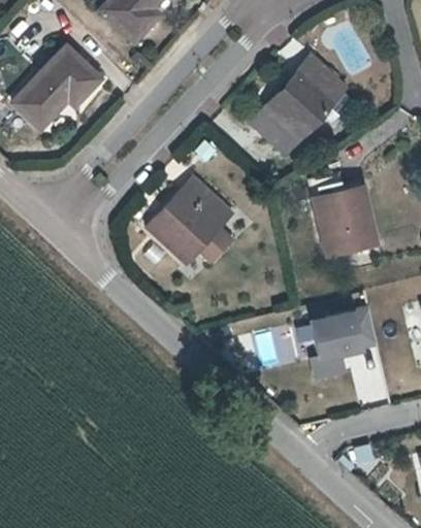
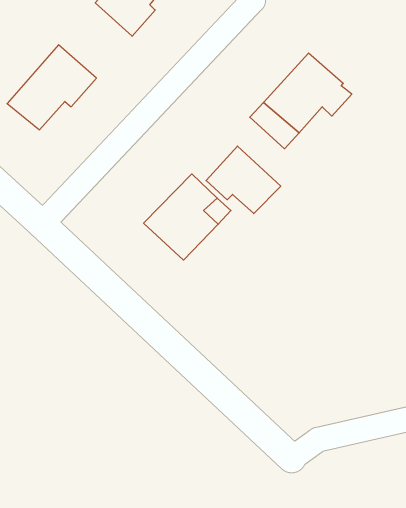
building: none -> [206,146,281,214]
building: [314,187,376,248] -> none
building: [303,303,371,377] -> none

